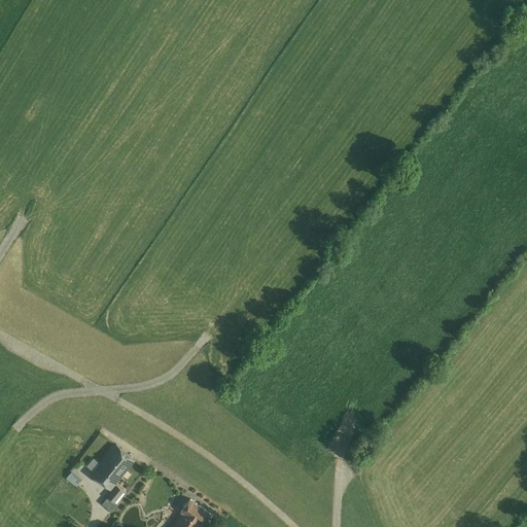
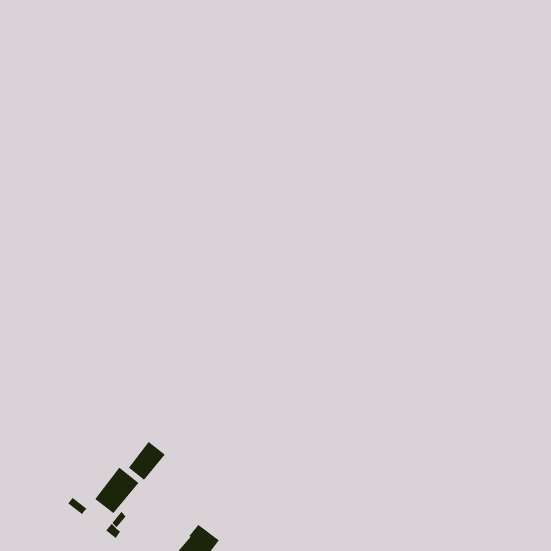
building: none -> [128,441,166,481]

